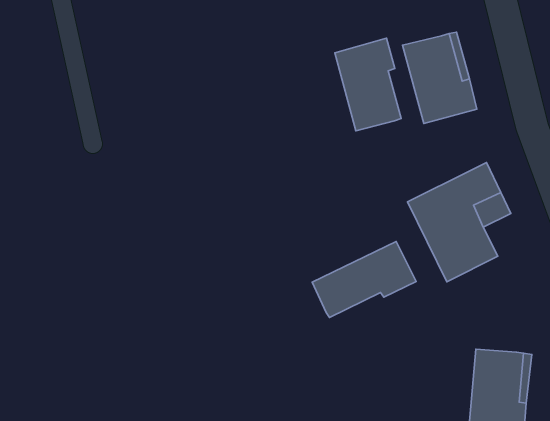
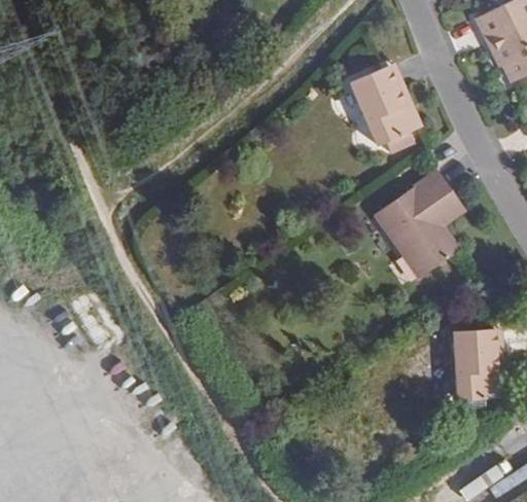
building: [335,38,401,131] -> none
building: [312,241,416,317] -> none

